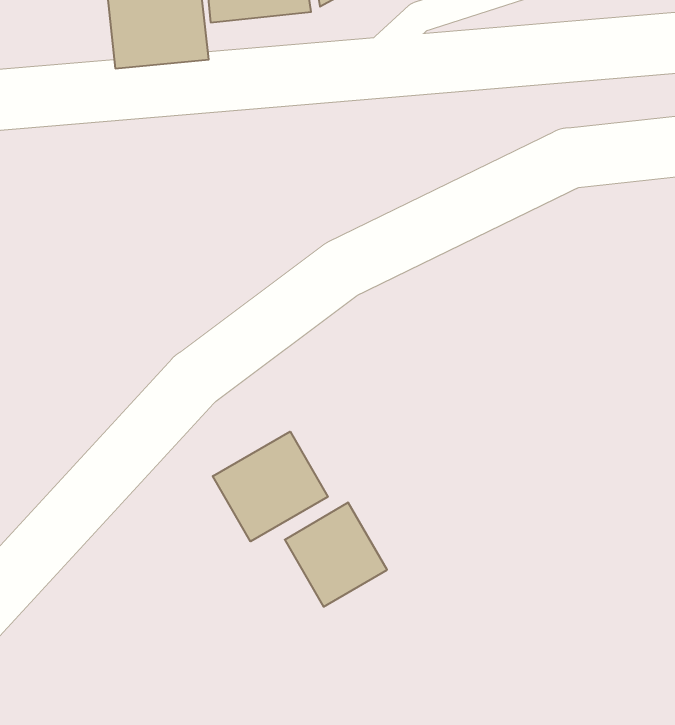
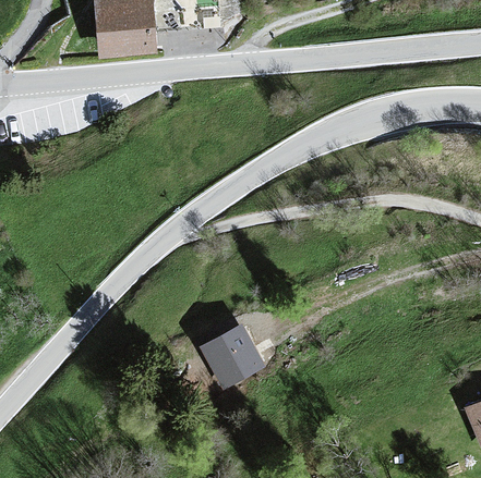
building: [213,432,328,541] -> none

